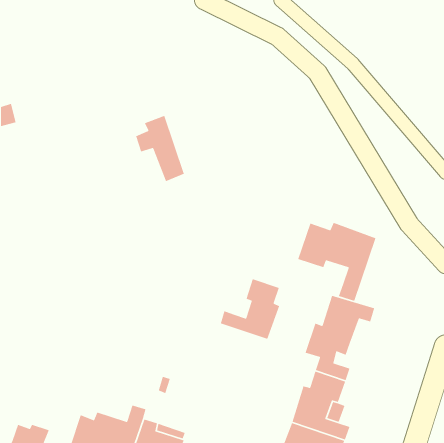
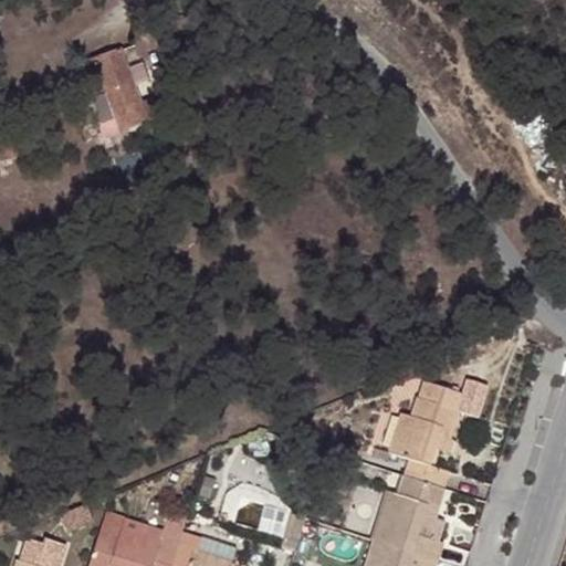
building: [135,115,185,182] -> [87,53,150,138]
building: [297,222,377,302] -> none
building: [220,278,280,340] -> none

